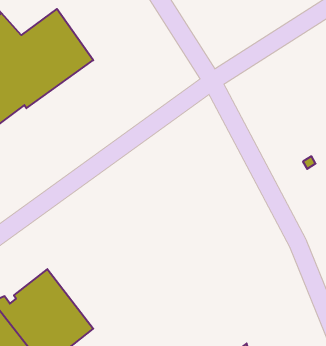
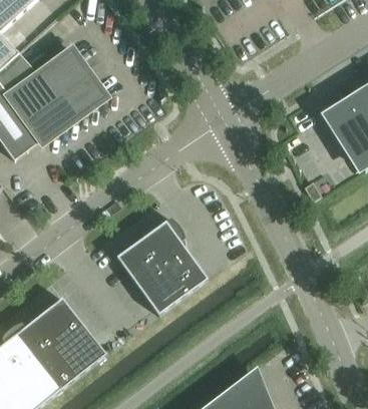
building: none -> [116,218,208,315]

